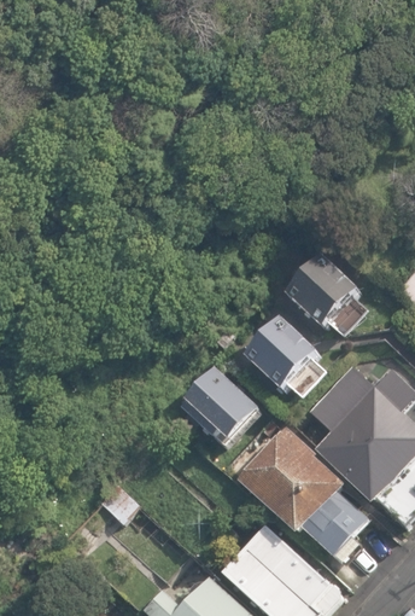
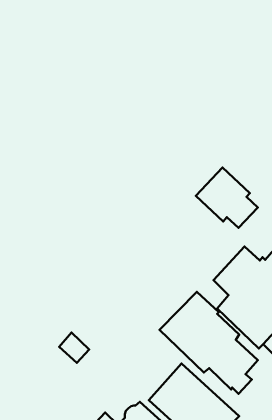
building: [242,318,327,399] -> none
building: [179,367,262,449] -> none

